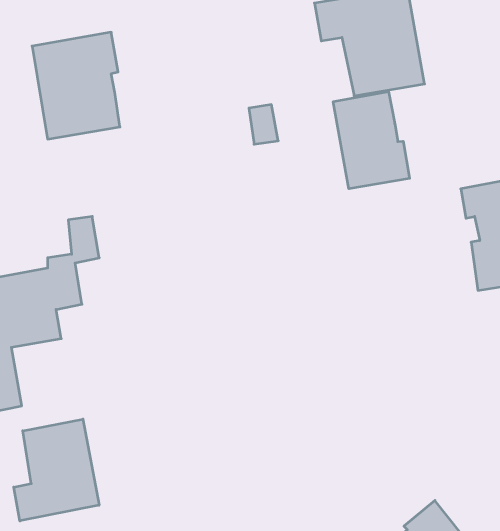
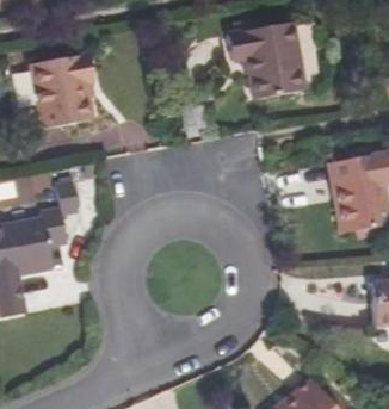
building: [333,92,410,189] -> none
building: [14,419,99,521] -> none

